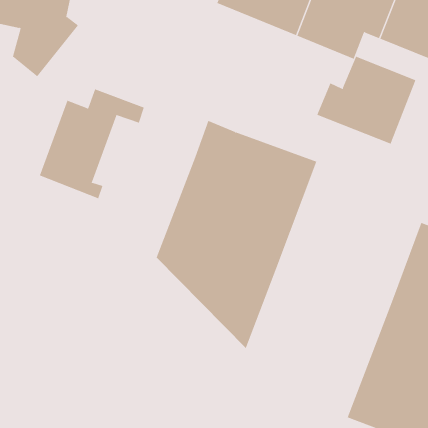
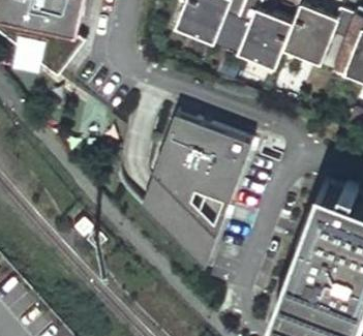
building: [317,56,416,145] -> none
building: [39,89,144,199] -> none

